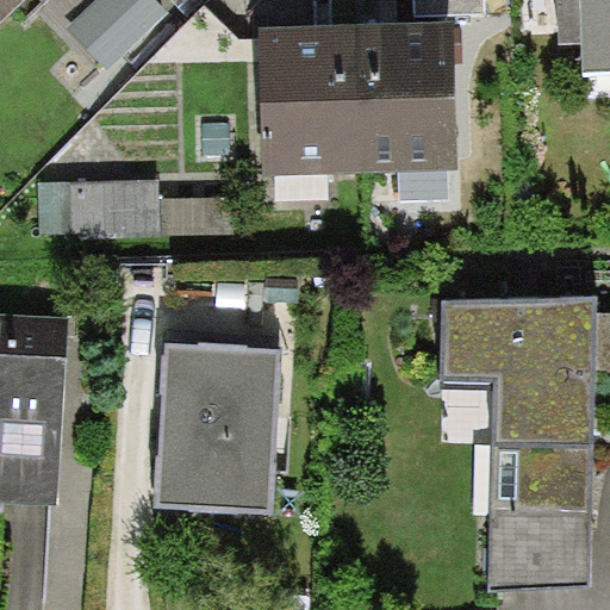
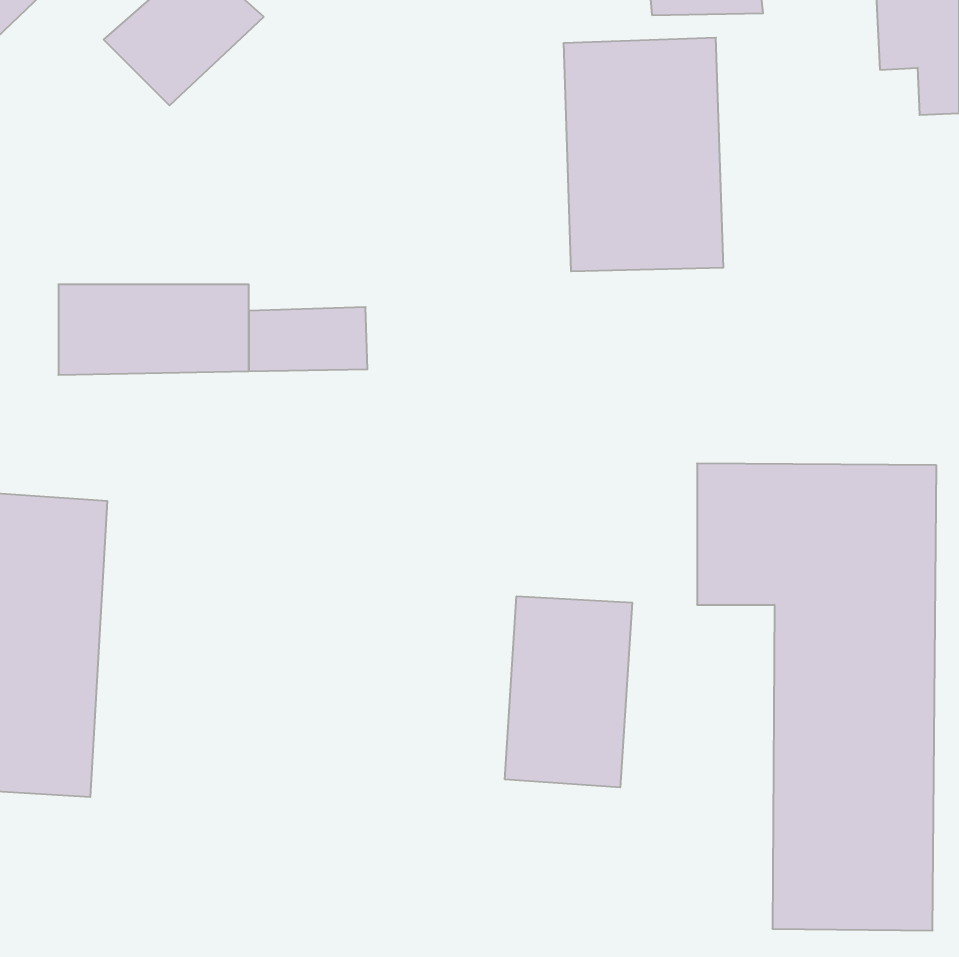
building: [259,27,361,176] -> none
building: [152,341,280,516] -> none
building: none -> [505,596,632,787]

